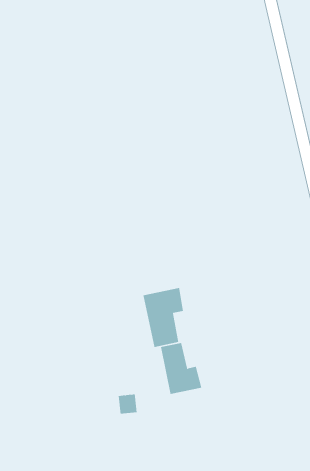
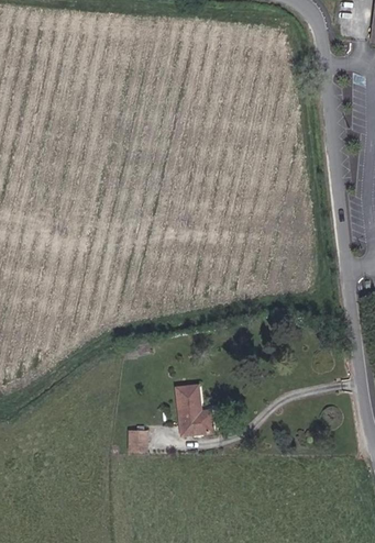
building: [143,287,183,348] -> none

